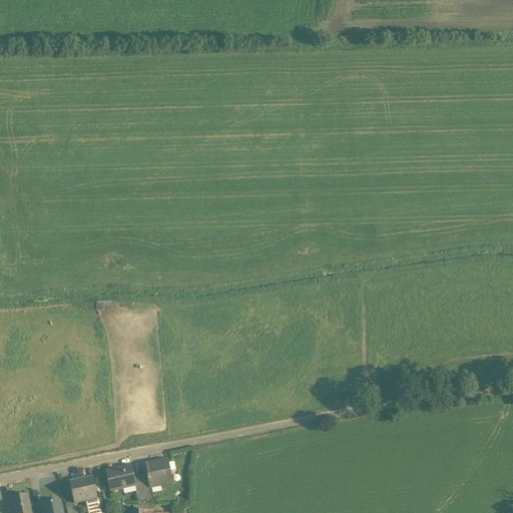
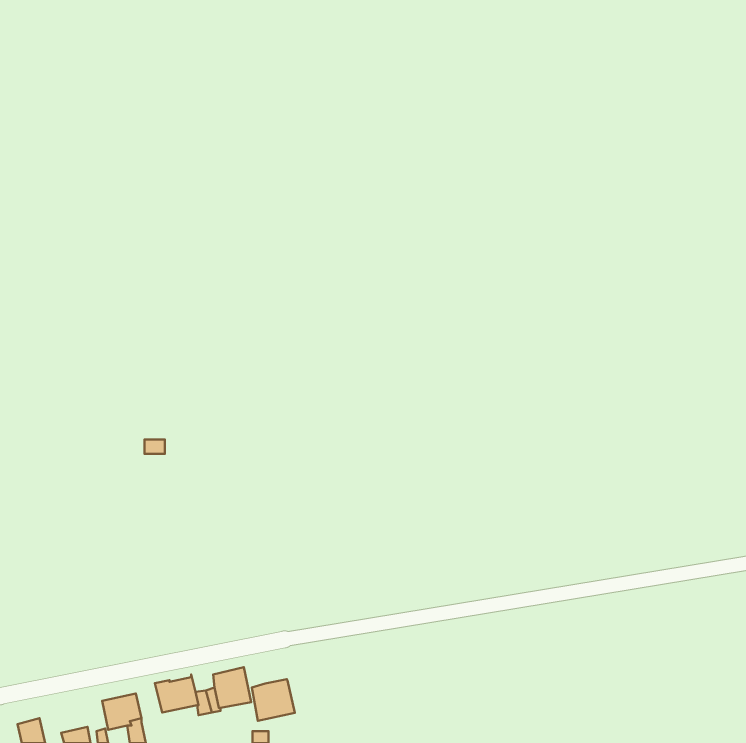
building: none -> [252,679,295,721]

